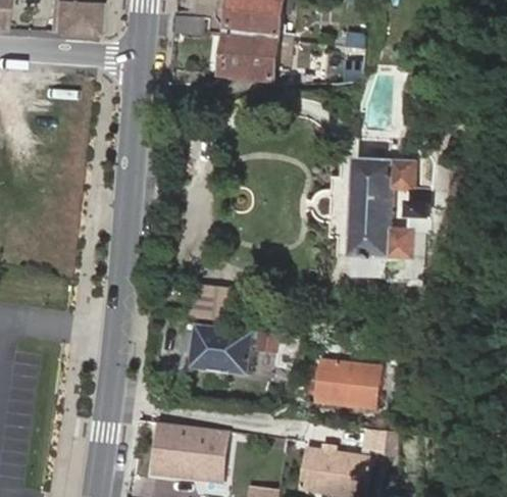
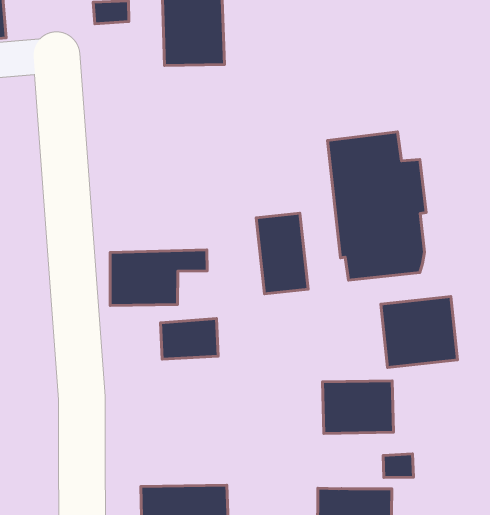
building: none -> [256,213,308,294]
building: none -> [381,297,458,368]
building: [190,325,276,376] -> [110,250,207,305]

